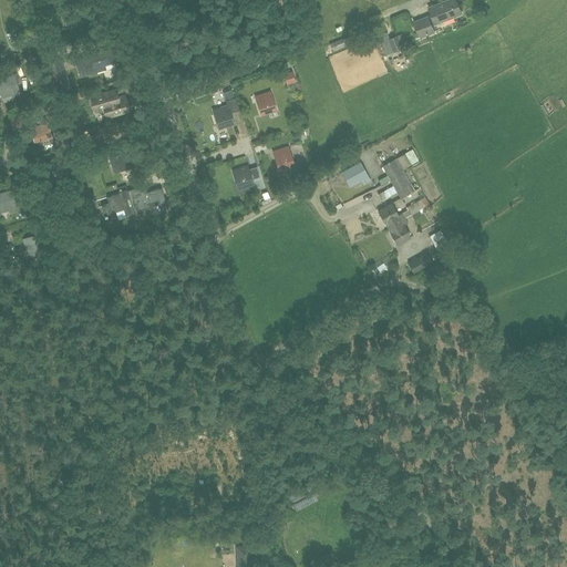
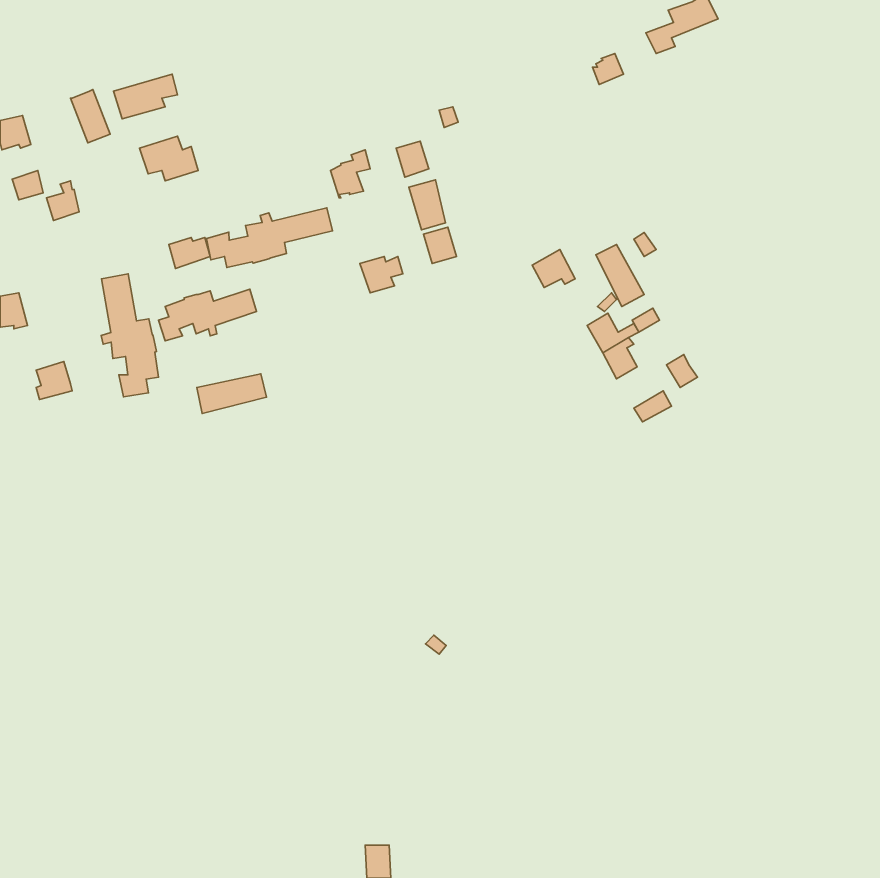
building: none -> [409,180,446,230]
building: none -> [206,208,332,267]
building: none -> [101,274,159,397]
building: none -> [197,374,267,413]

